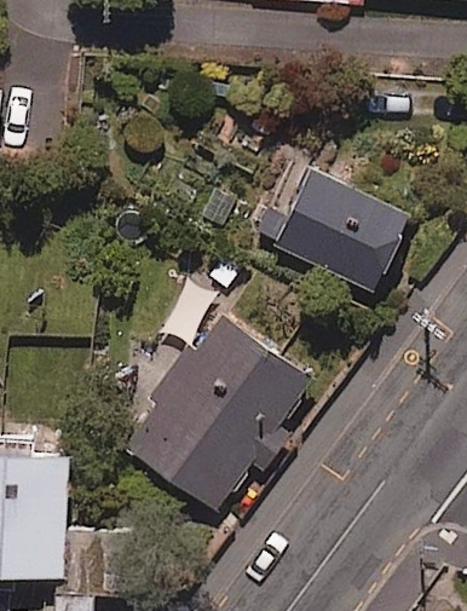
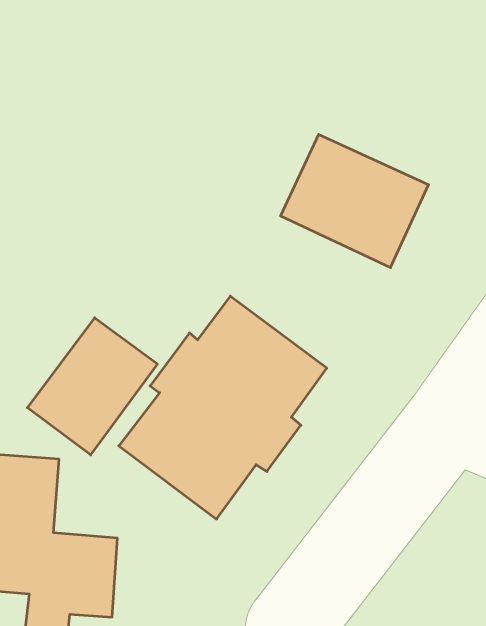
building: none -> [27,318,157,455]

